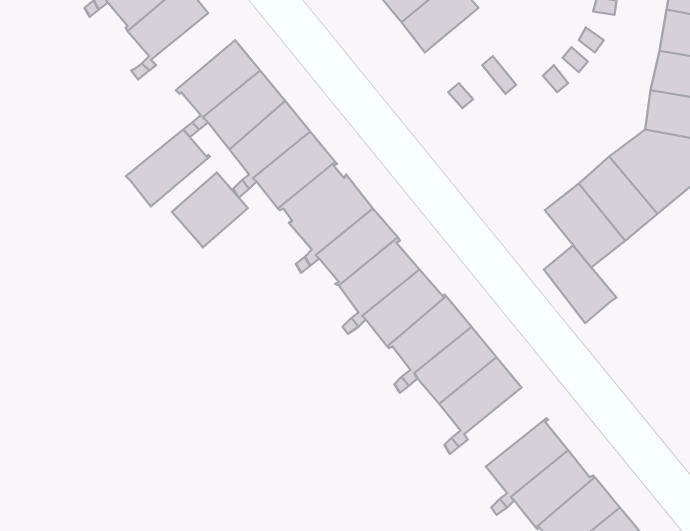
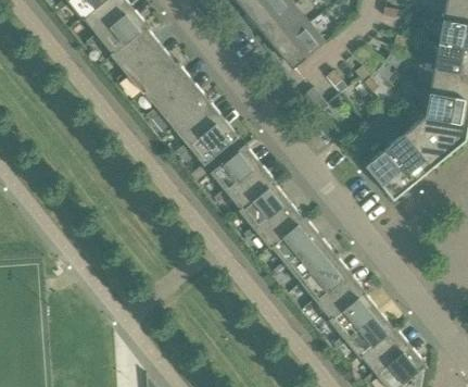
building: [126,130,210,207] -> [126,45,177,91]
building: [172,172,248,248] -> none
building: [544,246,616,323] -> none
building: none -> [316,272,366,320]

